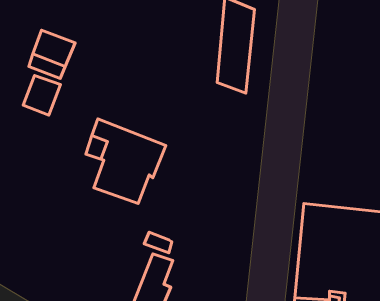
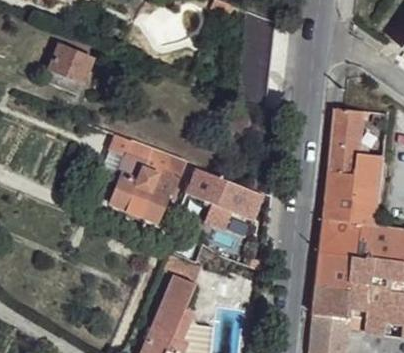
building: [23,75,60,115] -> none
building: none -> [324,108,385,226]
building: none -> [183,169,260,223]

